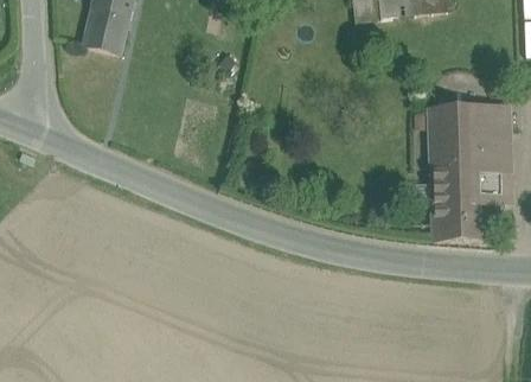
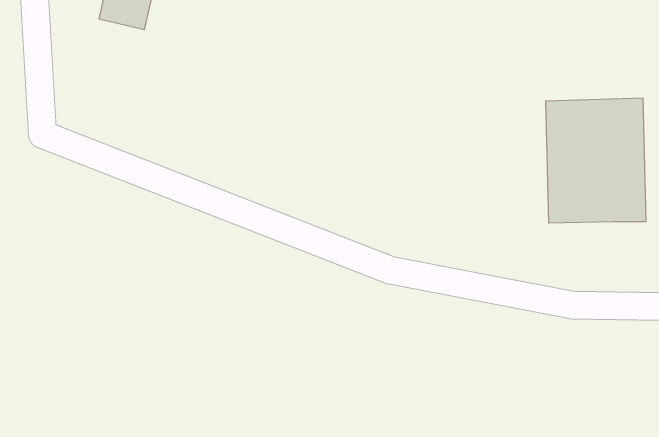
building: [431,200,485,238] -> none

